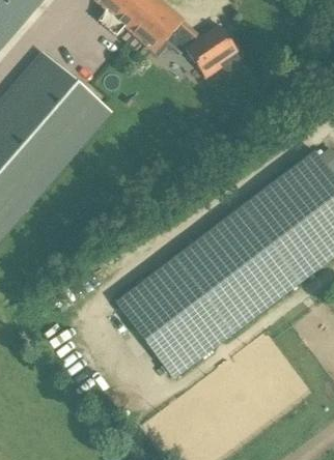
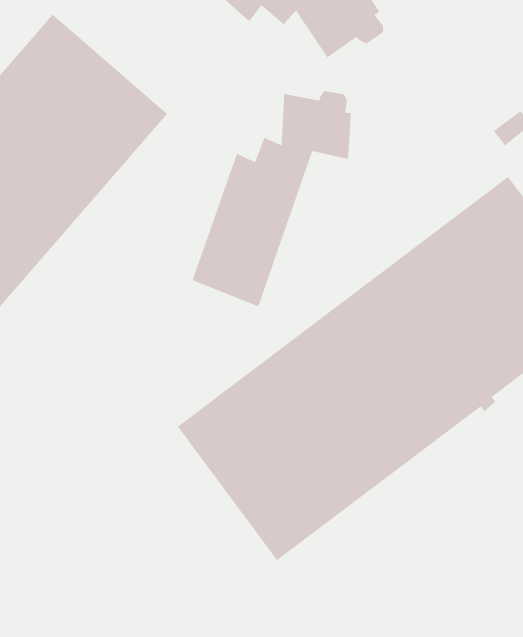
building: none -> [192,90,352,308]

